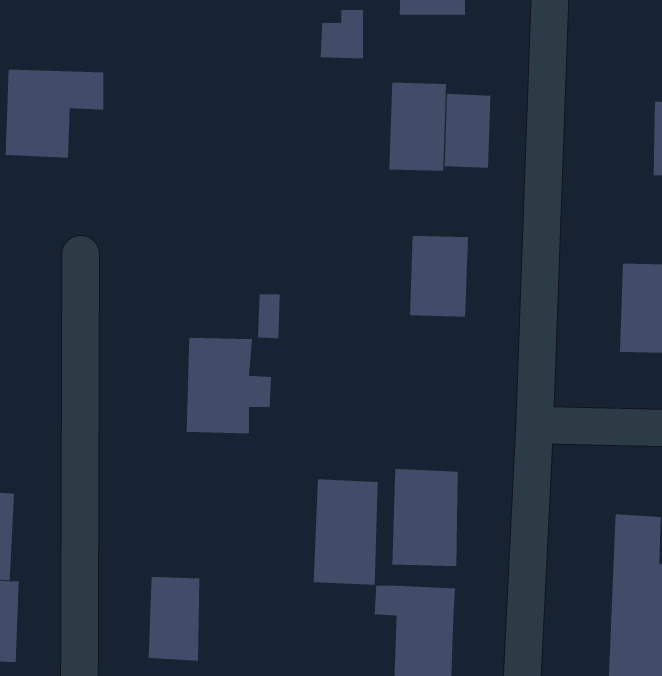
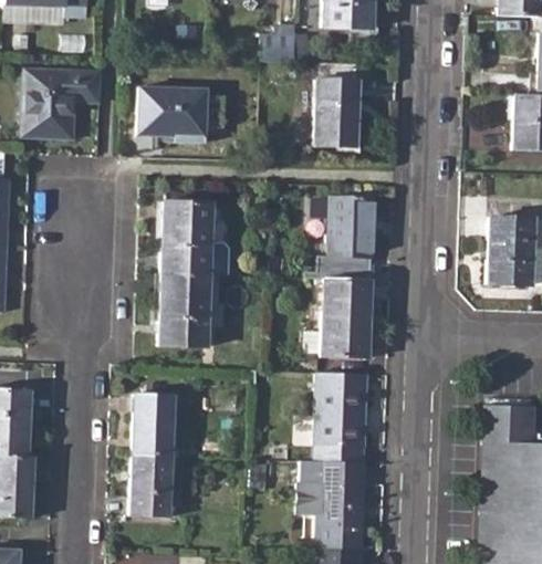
building: none -> [139,87,206,137]
building: [444,93,491,169] -> none
building: none -> [163,201,212,274]
building: [313,479,378,585] -> [321,278,371,358]
building: none -> [134,394,174,456]

